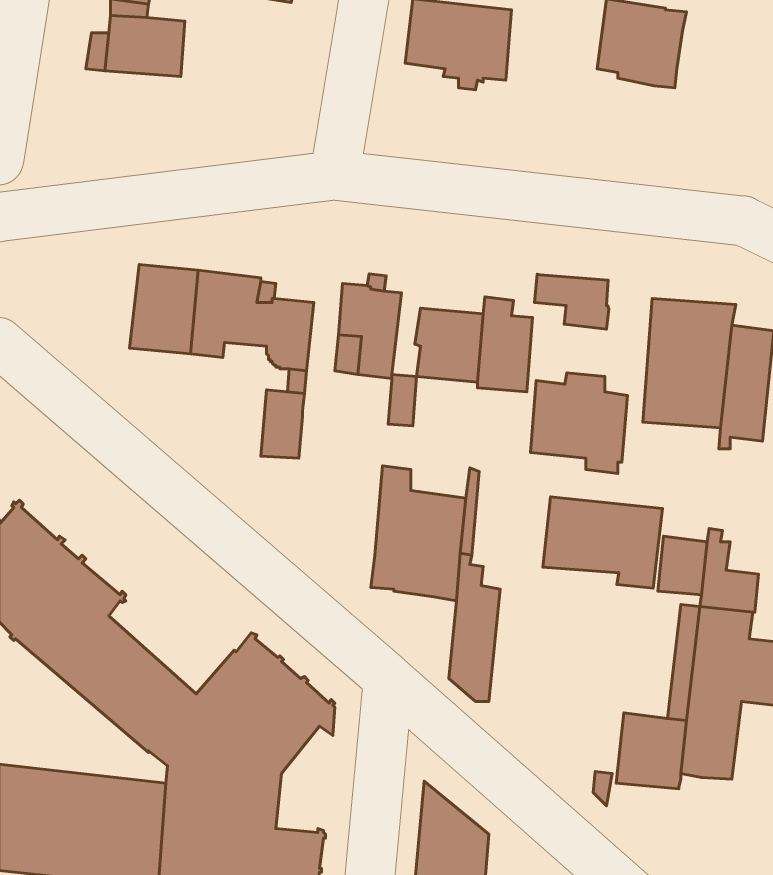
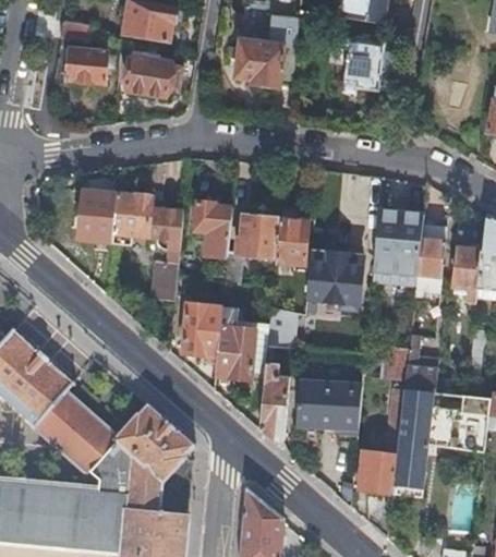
building: none -> [125,49,181,96]
building: [535,274,609,329] -> none
building: none -> [182,303,221,358]
building: [543,497,663,588] -> [294,383,363,435]

